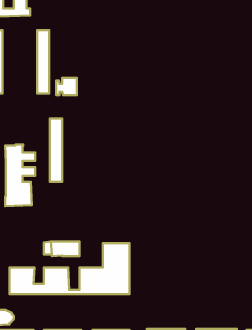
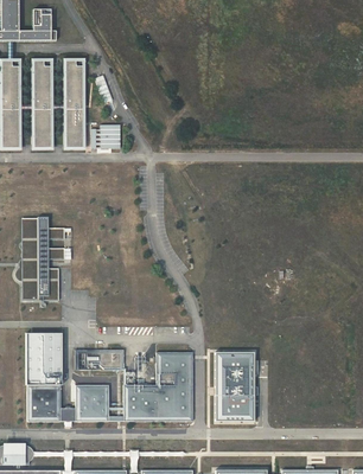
building: [50,119,62,182] -> [33,60,50,147]
building: none -> [26,333,62,385]
building: none -> [216,353,255,422]

